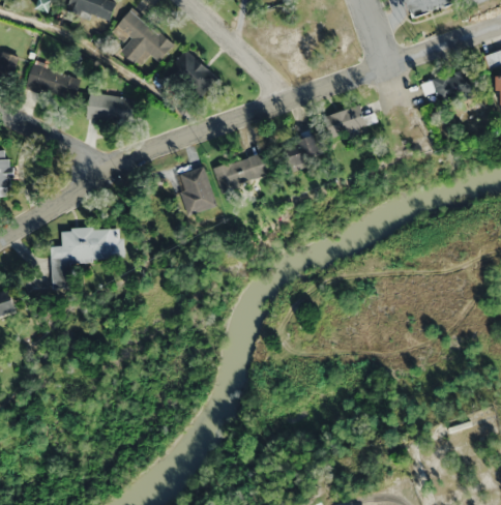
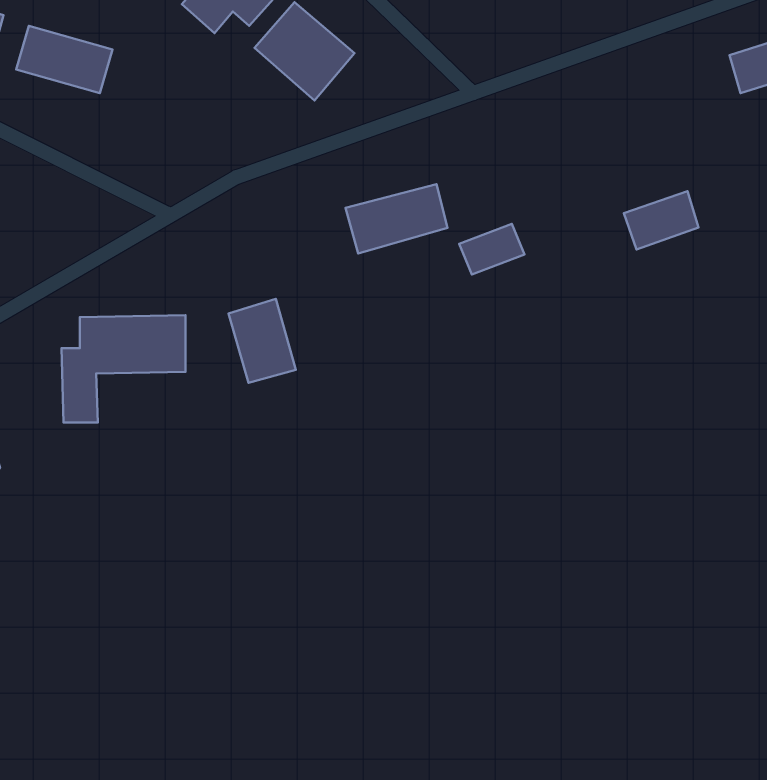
building: [87,94,134,124] -> none
building: [323,105,365,138] -> [624,191,698,249]
building: [283,135,320,164] -> [459,224,525,275]
building: [177,167,215,214] -> [229,299,296,383]

